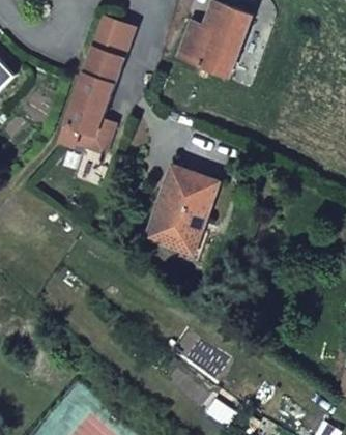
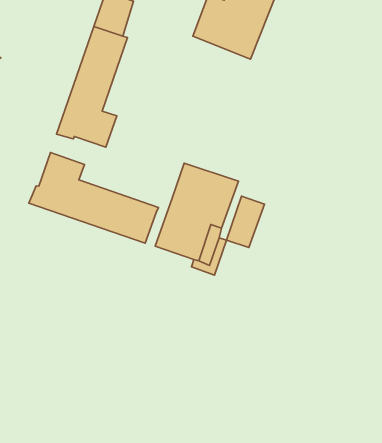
building: none -> [29,153,158,243]
building: none -> [226,196,264,248]

